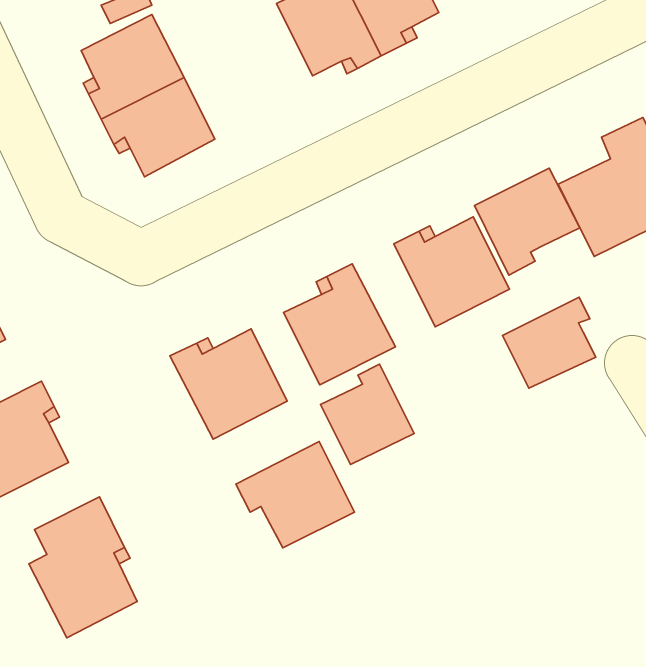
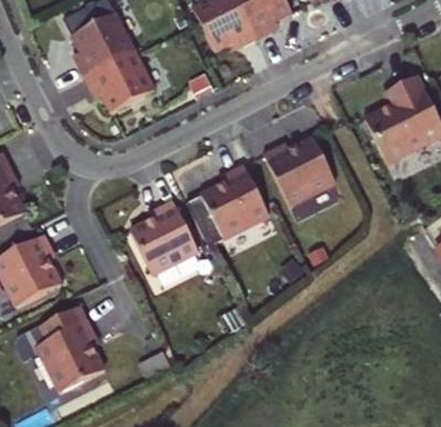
building: [475,168,580,275] -> none
building: [502,297,596,388] -> none
building: [320,364,414,465] -> none
building: [236,441,354,548] -> none

